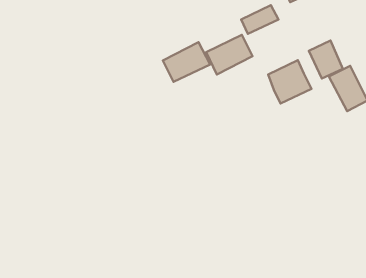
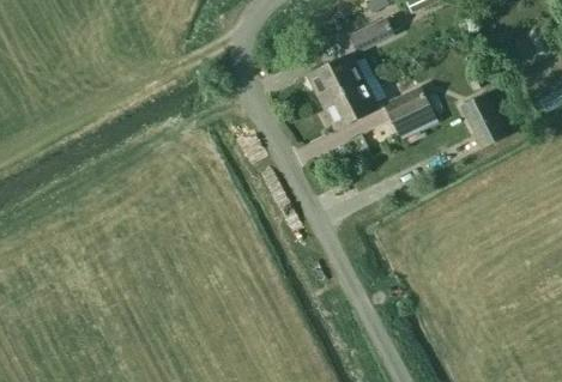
building: [309,40,343,78] -> none
building: [163,42,210,82] -> [321,79,380,128]

